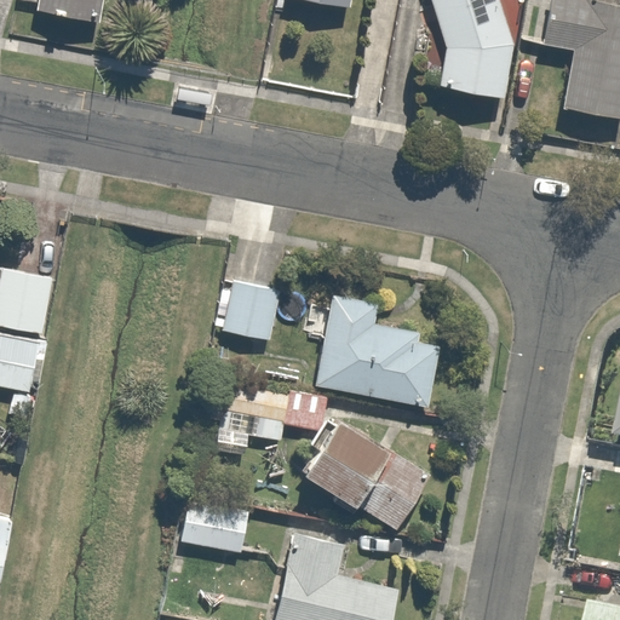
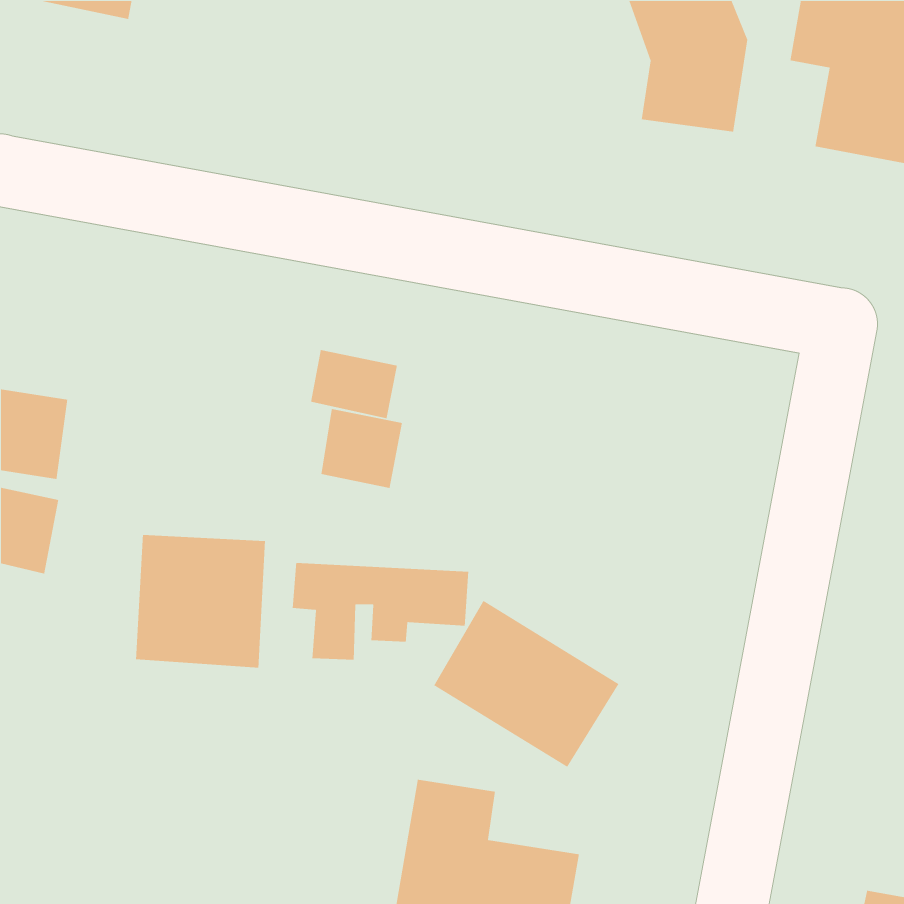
building: none -> [310,349,398,419]
building: [315,293,442,407] -> none
building: none -> [135,534,266,668]
building: [182,499,251,555] -> none

